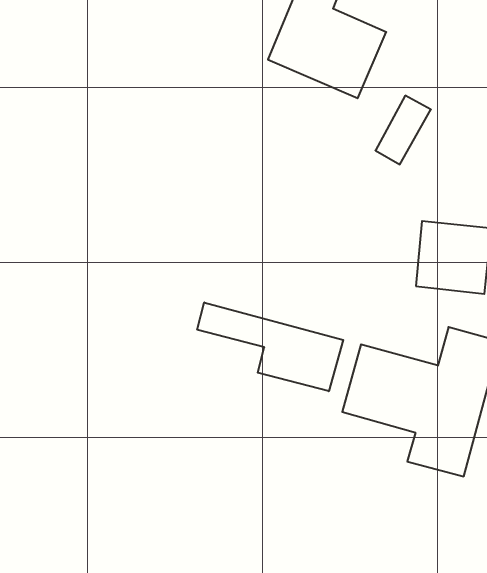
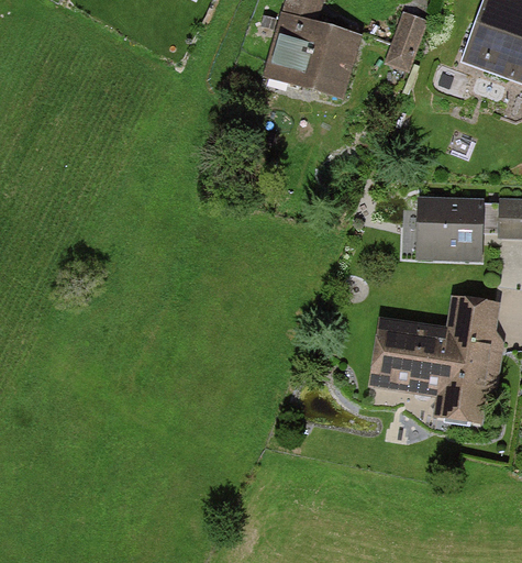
building: [375,96,431,164] -> [385,11,430,73]
building: [197,302,343,391] -> none

